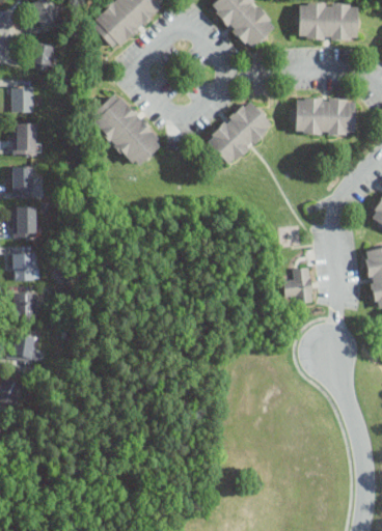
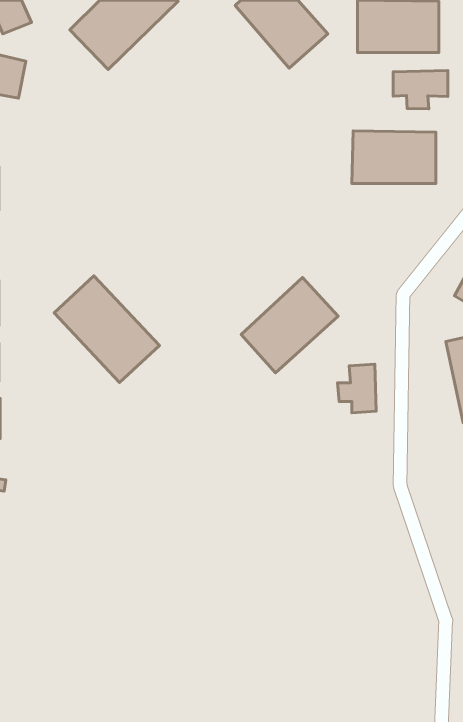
building: none -> [393,71,448,109]
building: [88,91,165,169] -> [54,276,160,383]
building: [204,99,275,168] -> [241,278,338,373]

